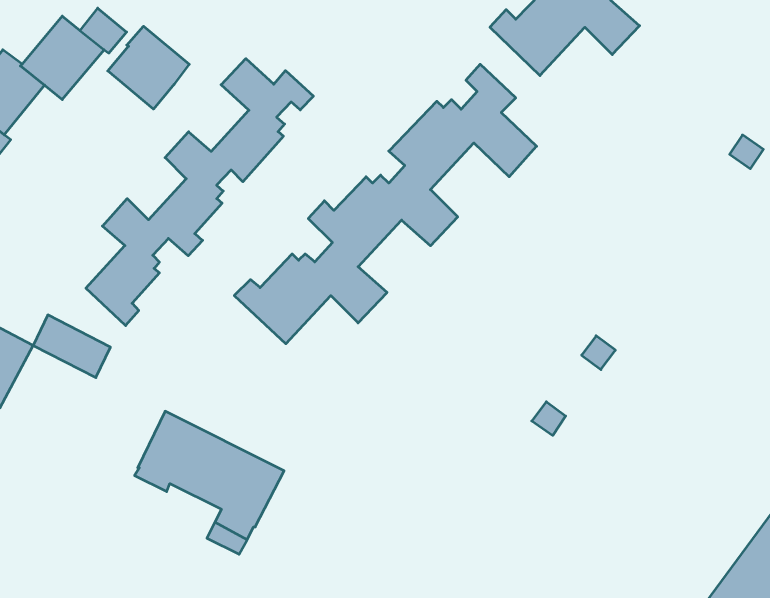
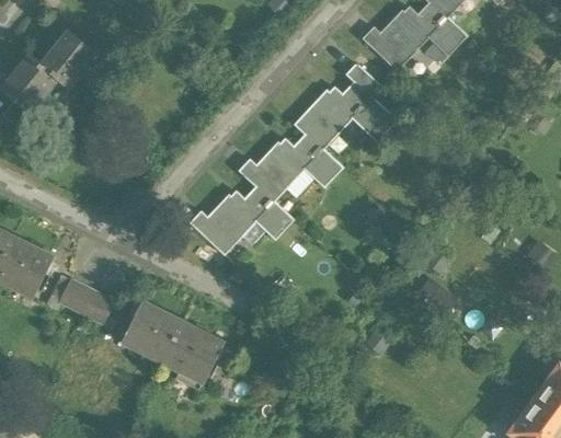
building: [108,26,189,109] -> none
building: [86,59,313,326] -> none
building: [33,315,110,378] -> [60,278,113,321]

